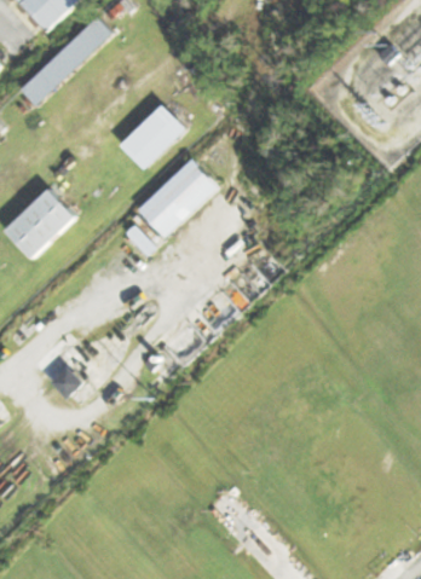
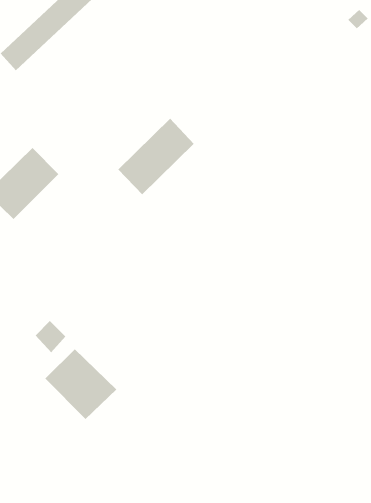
building: [122,105,186,169] -> none
building: none -> [45,348,117,420]

